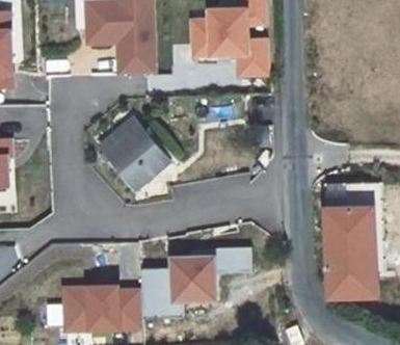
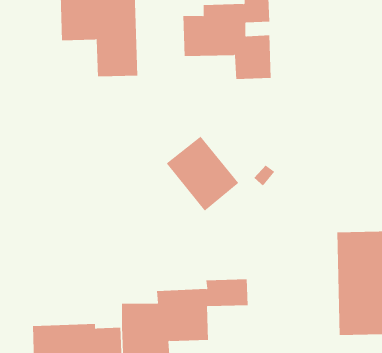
building: [101,118,164,184] -> [166,136,239,212]

